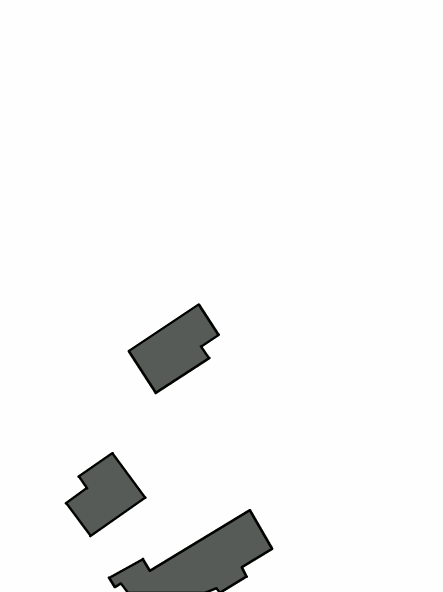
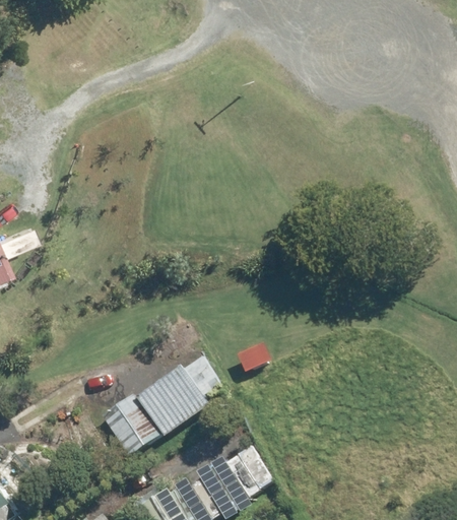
building: [129,305,219,393] -> [139,359,217,436]

